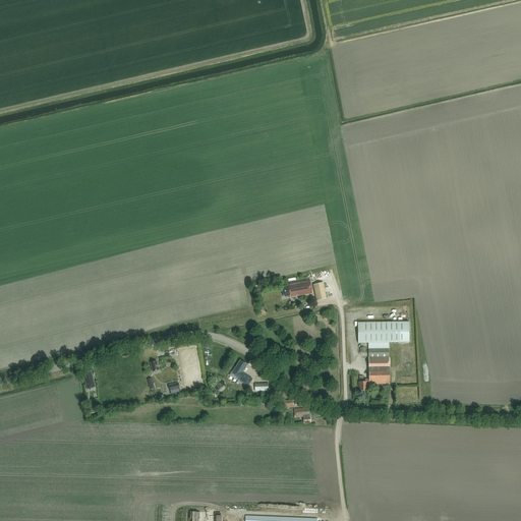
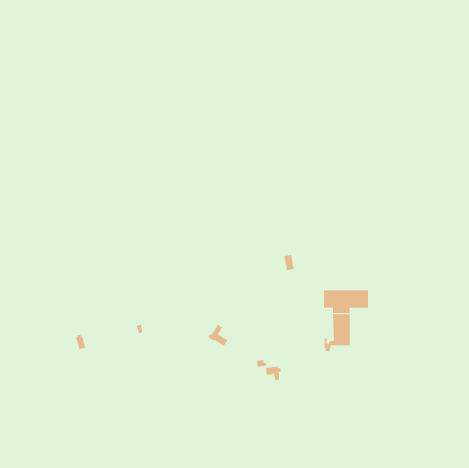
building: [282,278,313,296] -> none

